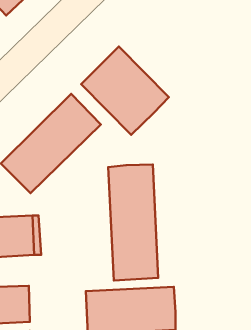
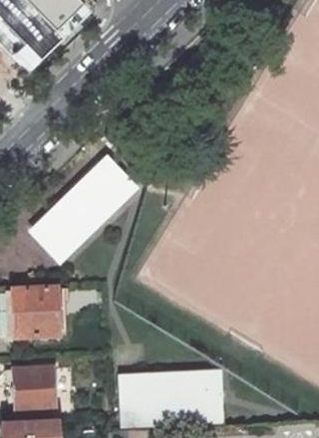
building: [81,46,169,135] -> none
building: [108,164,158,281] -> none

